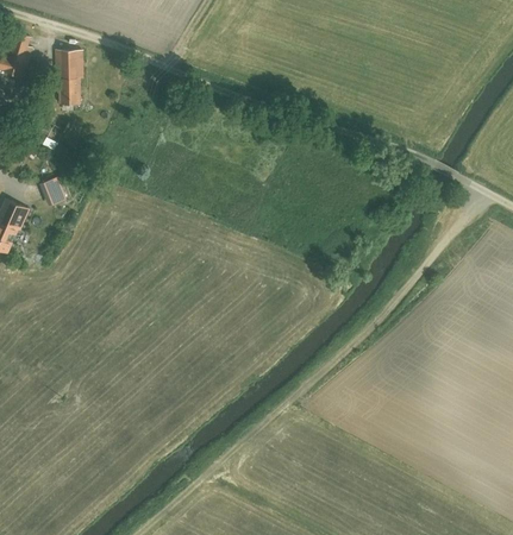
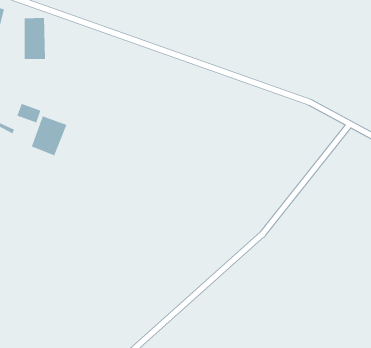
building: none -> [31,116,67,156]

